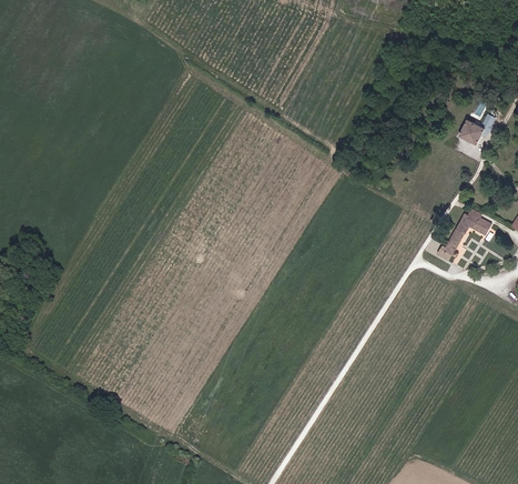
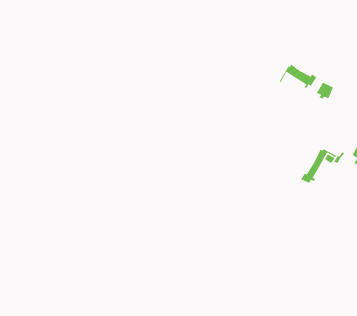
building: none -> [279,64,317,89]

